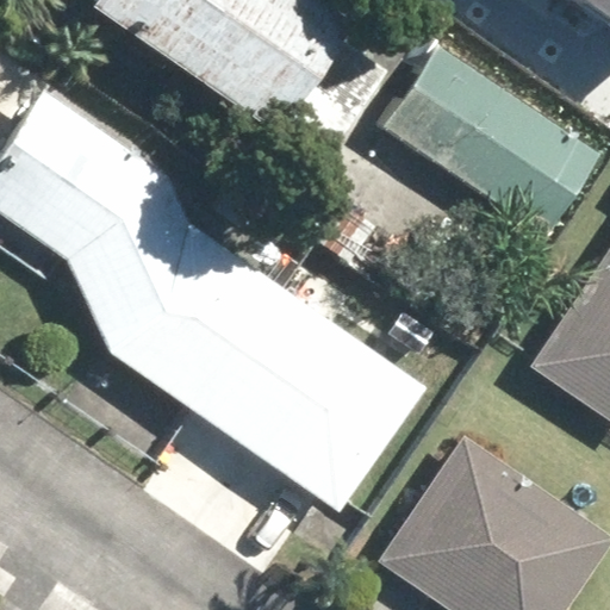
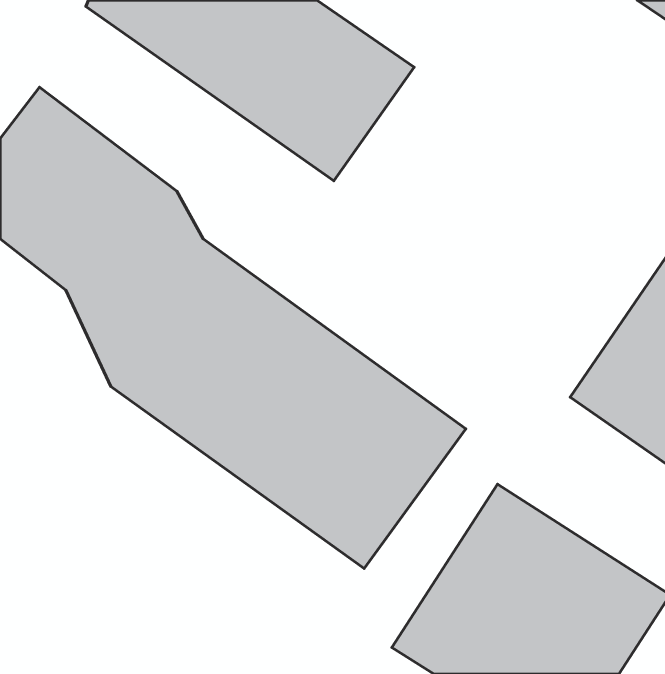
building: [386,51,592,224] -> none

